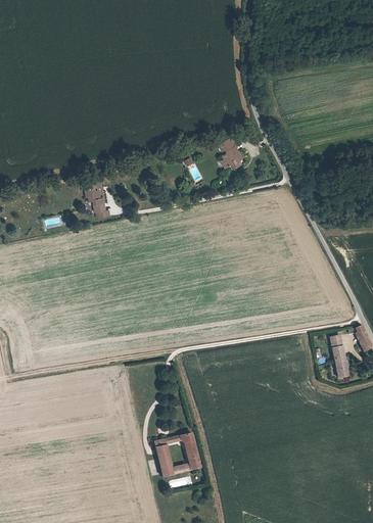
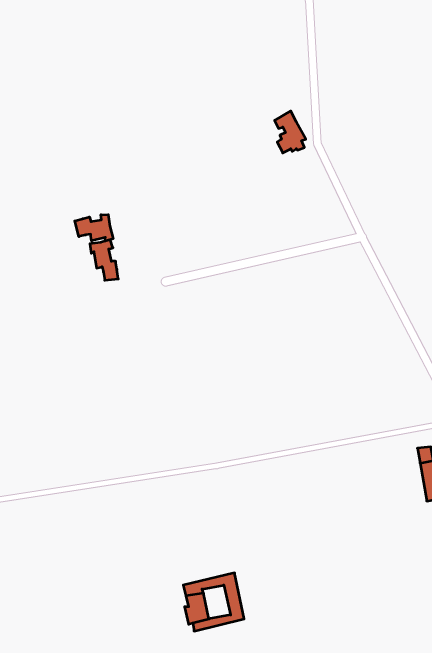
building: [219,140,242,172] -> [275,111,306,153]
building: none -> [75,215,113,241]

